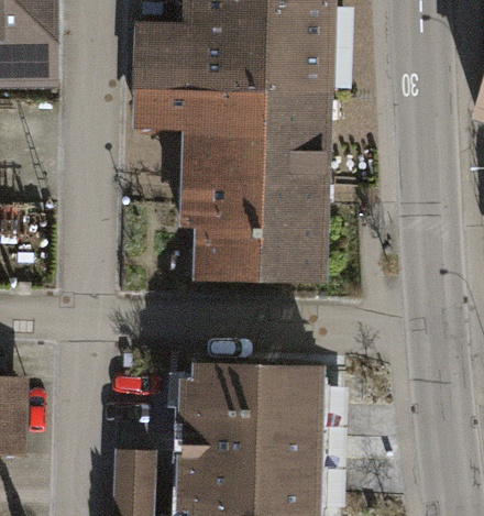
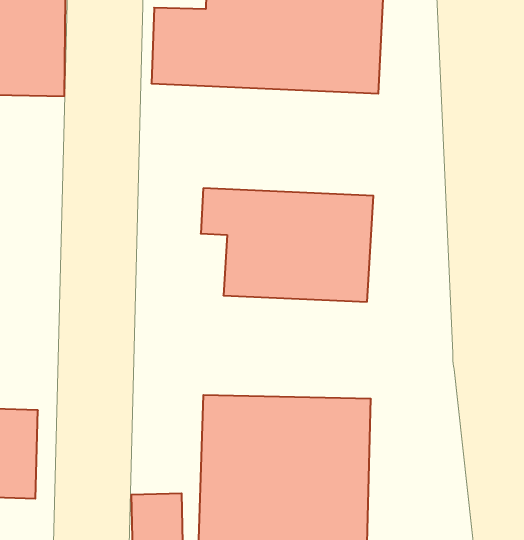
building: [133,94,332,191] -> none

